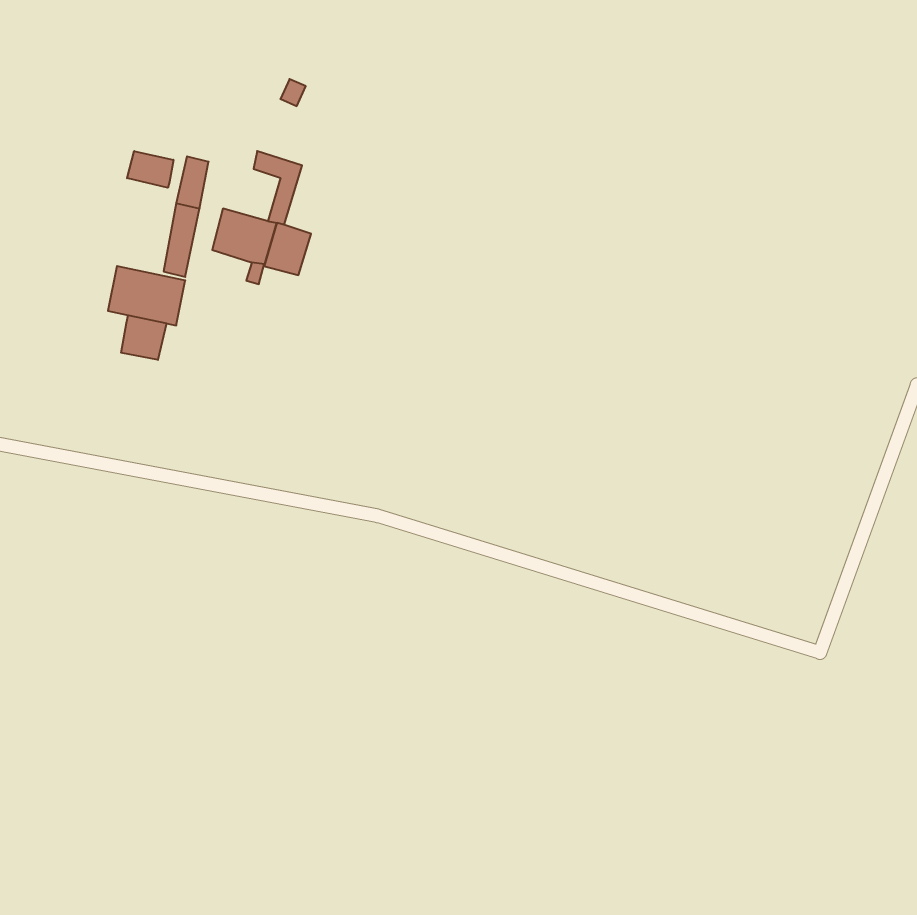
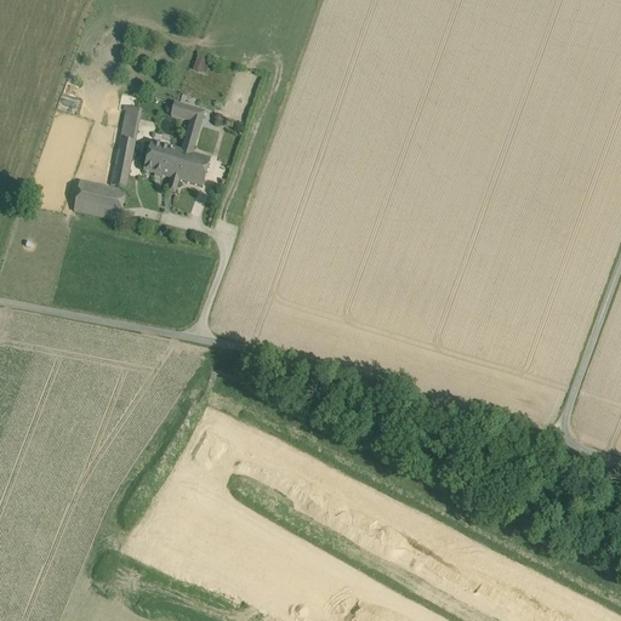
building: [127,151,173,188] -> none
building: [121,315,166,360] -> none

